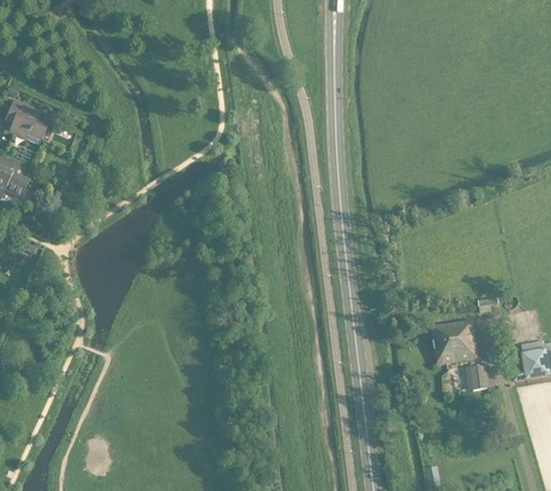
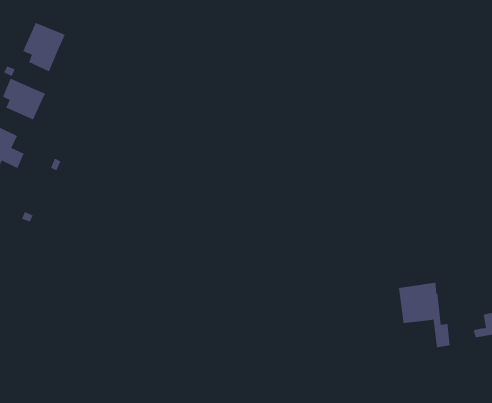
building: none -> [23,22,65,72]

